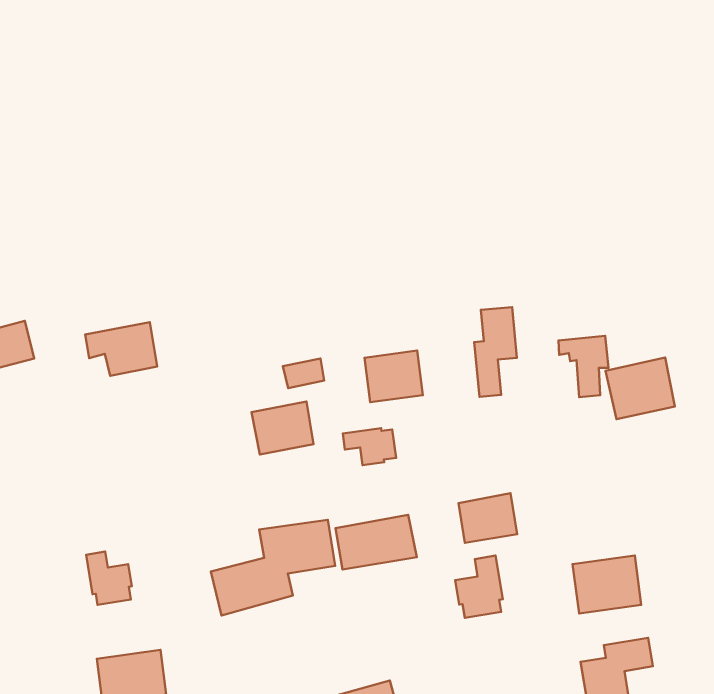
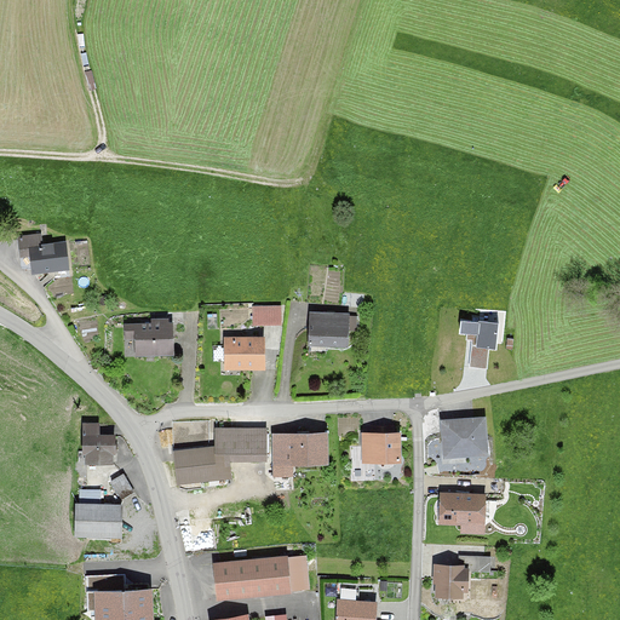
building: [474,307,517,397] -> none
building: [85,322,157,376] -> [122,322,172,357]
building: [605,358,675,419] -> [440,418,487,458]
building: [343,428,396,465] -> none
building: [455,556,503,618] -> none

